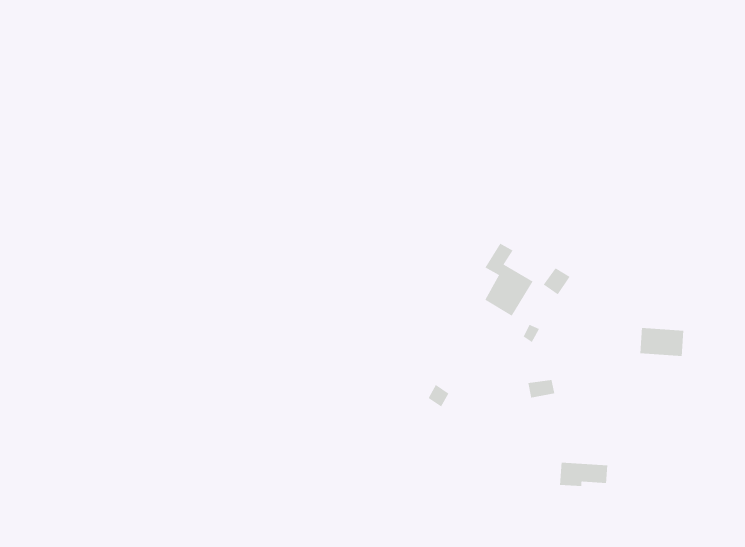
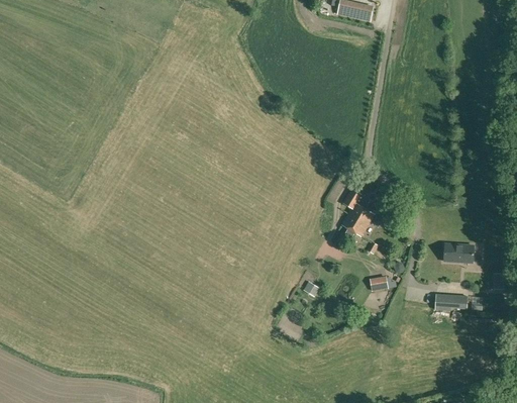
building: [559,462,608,487] -> [435,295,468,311]

